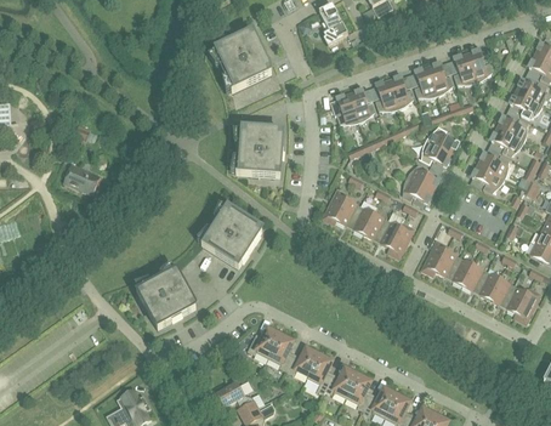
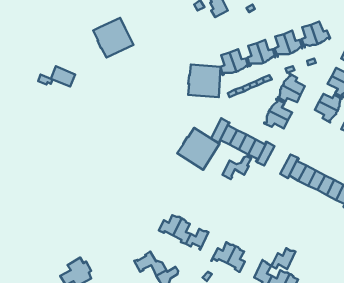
building: [214,33,272,90] -> [93,18,134,58]
building: [237,129,283,176] -> [188,64,220,97]
building: [64,163,100,192] -> [51,66,75,86]
building: [201,206,262,267] -> [177,128,219,170]
building: none -> [222,156,251,179]
building: [137,268,195,328] -> none
building: [307,351,333,392] -> none
building: [362,386,397,416] -> [271,248,295,269]

